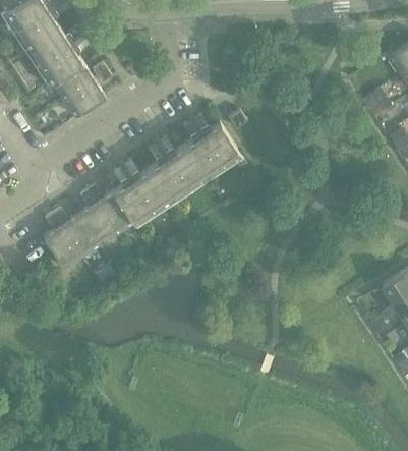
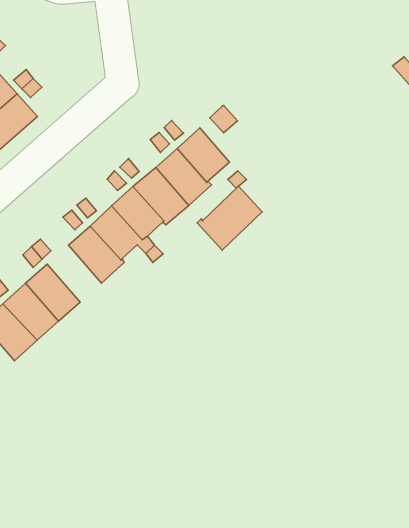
building: none -> [197,186,262,250]
building: [95,193,131,235] -> none

